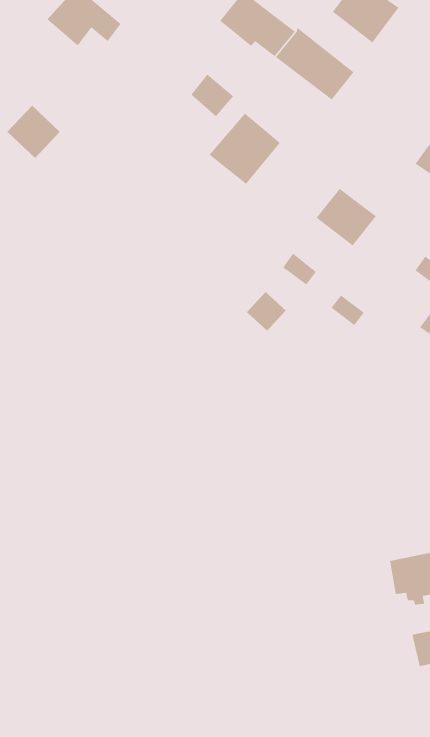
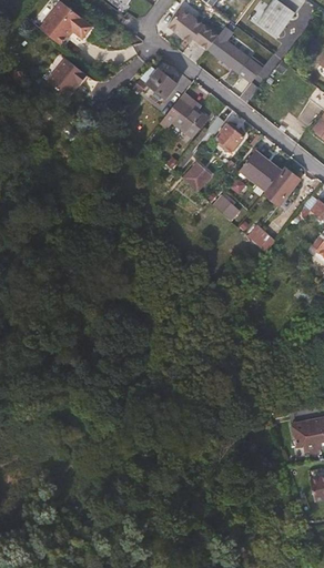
building: [7,105,61,159] -> [48,57,88,97]
building: none -> [213,120,243,150]
building: none -> [264,165,302,206]
building: [246,291,287,332] -> [183,162,213,192]

